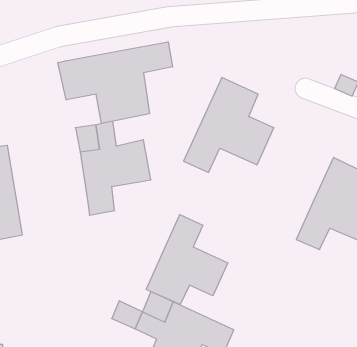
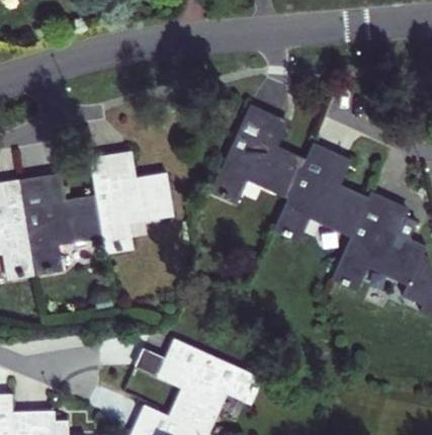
building: [58,42,173,123] -> none
building: none -> [273,143,368,244]
building: none -> [17,172,104,275]
building: [146,215,228,304] -> none

